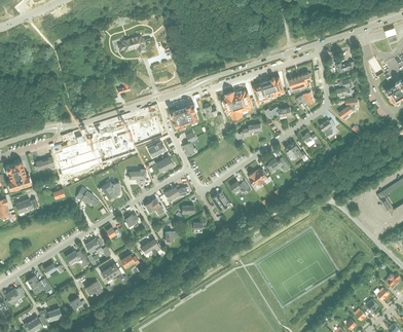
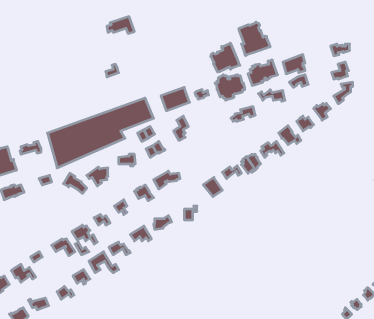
building: none -> [239,22,270,56]
building: none -> [211,43,240,72]

